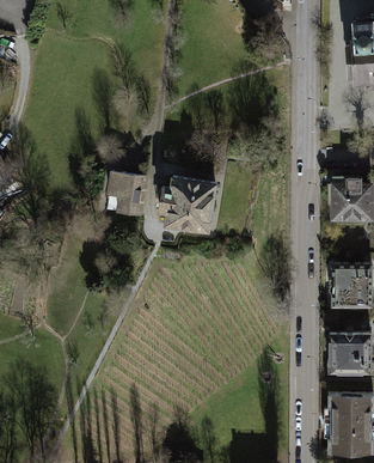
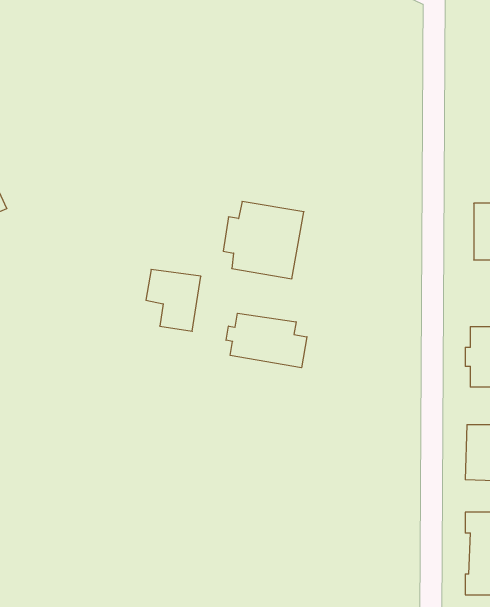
building: [108,172,146,215] -> [146,269,201,331]
building: none -> [226,313,307,368]

